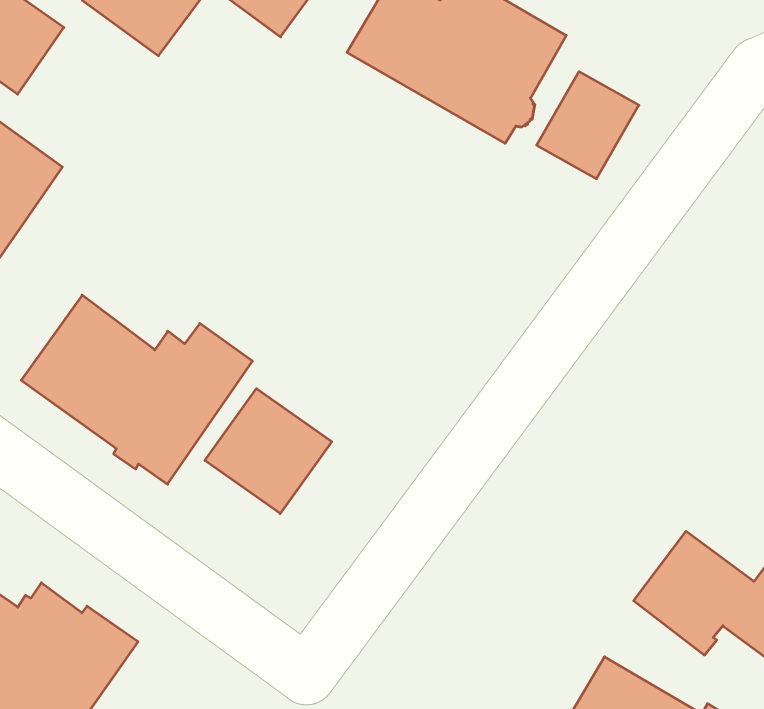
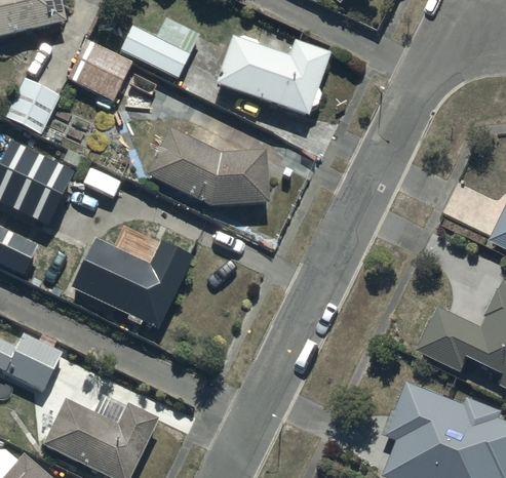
building: [537,72,639,179] -> none
building: none -> [146,128,268,206]
building: [205,389,332,514] -> none

